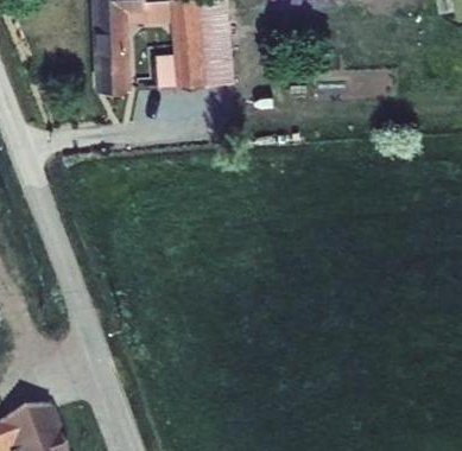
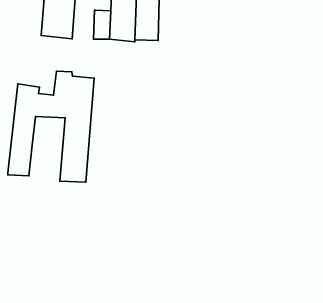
building: none -> [8,71,94,182]

